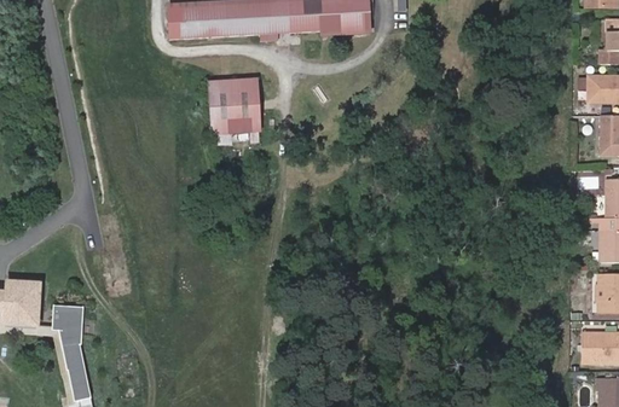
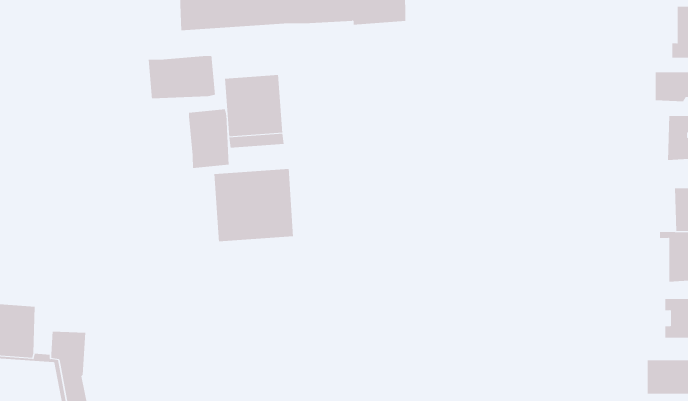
building: none -> [148,55,215,99]
building: none -> [188,109,229,169]
building: none -> [214,168,293,242]

